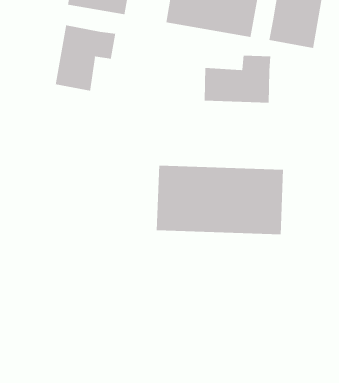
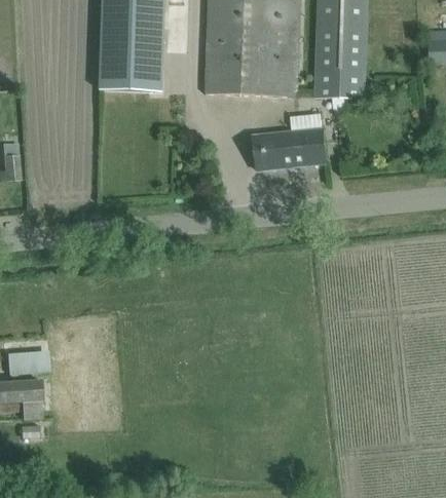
building: [55,25,116,91] -> none
building: [156,165,284,235] -> none

